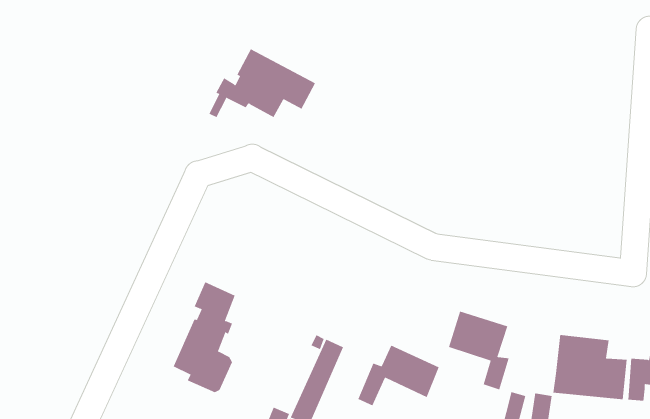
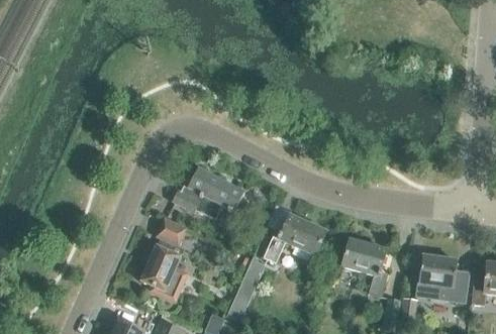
building: [209,48,316,118] -> [168,168,245,218]
building: [358,345,440,406] -> [265,217,324,261]

